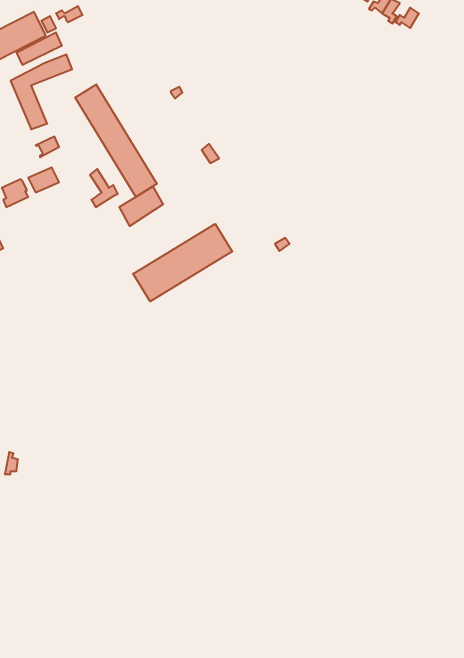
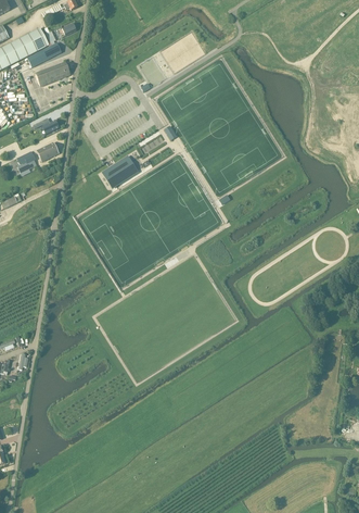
building: [75,84,157,197] -> none
building: [133,224,232,301] -> none

